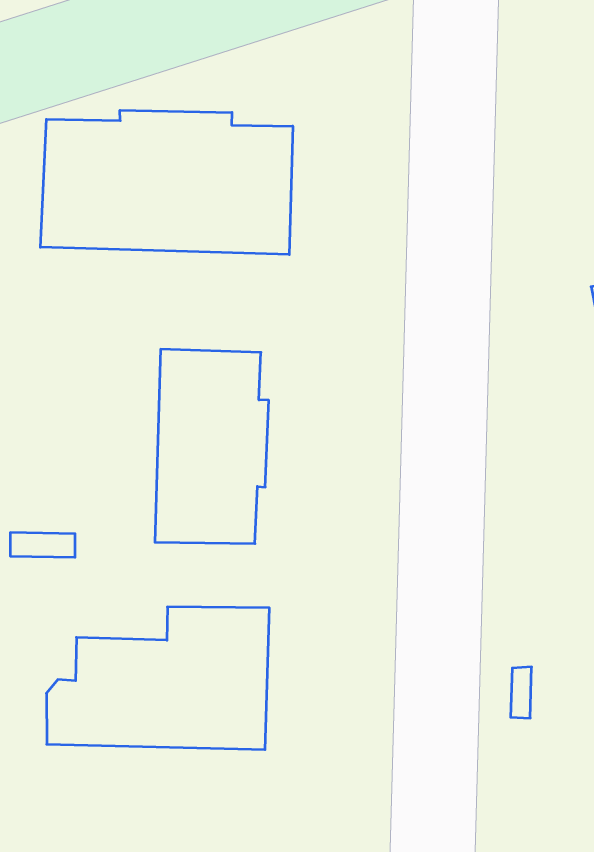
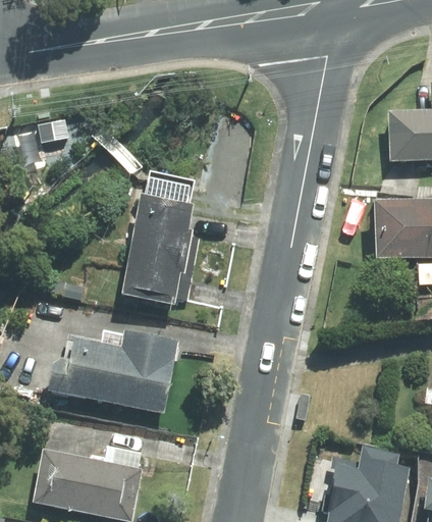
building: [40,110,293,255] -> none

